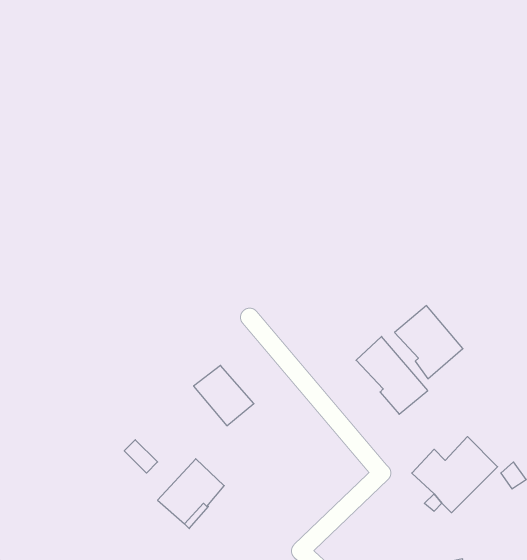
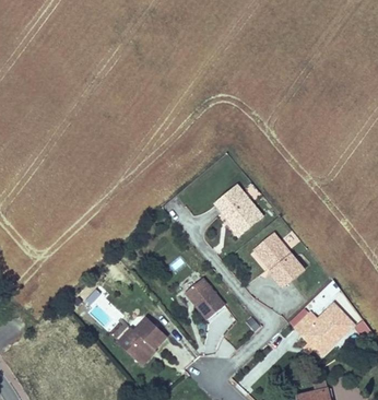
building: [395,306,463,379] -> [215,188,262,238]
building: [194,365,254,426] -> [184,278,225,319]

